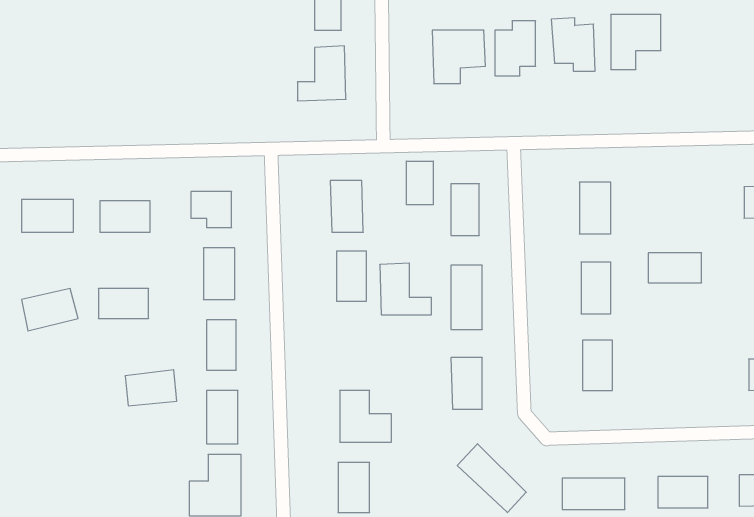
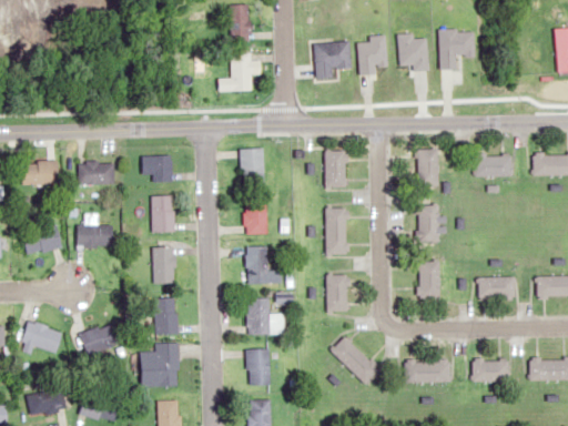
building: [406,161,433,205] -> none
building: [648,253,702,283] -> [475,155,513,176]
building: [380,263,431,315] -> [246,246,283,283]
building: none -> [479,276,516,297]
building: [125,370,177,406] -> [81,325,118,351]
building: none -> [20,320,62,356]

